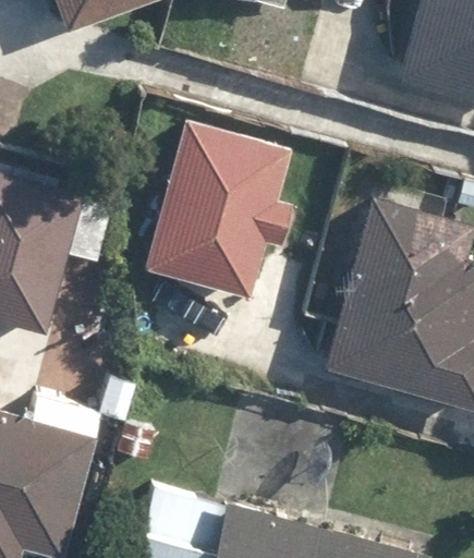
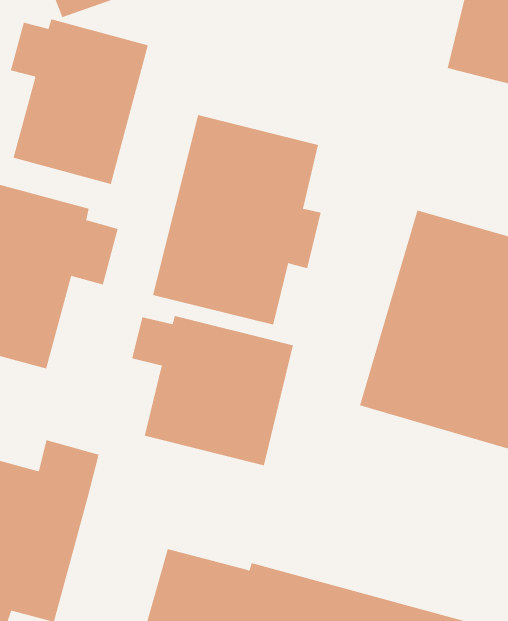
building: none -> [10,19,148,185]
building: none -> [131,315,294,466]

